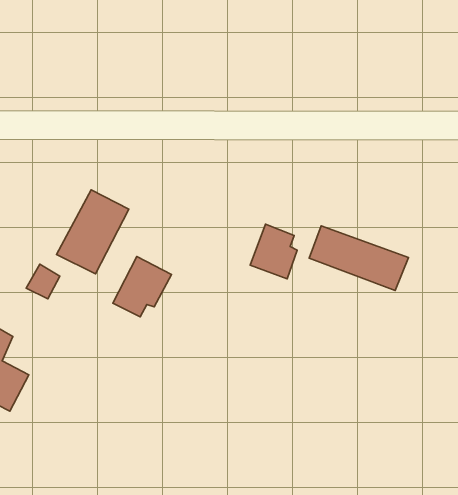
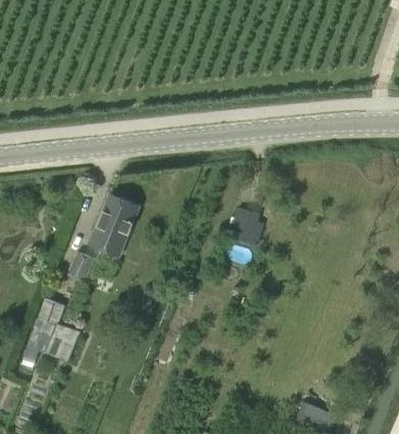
building: [309,226,408,290] -> none
building: [113,256,172,317] -> none

